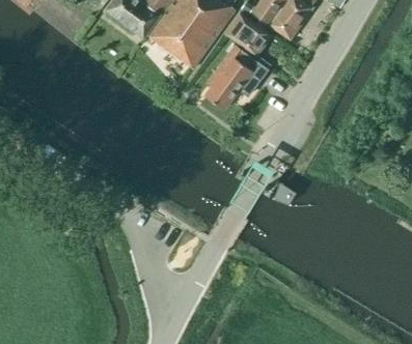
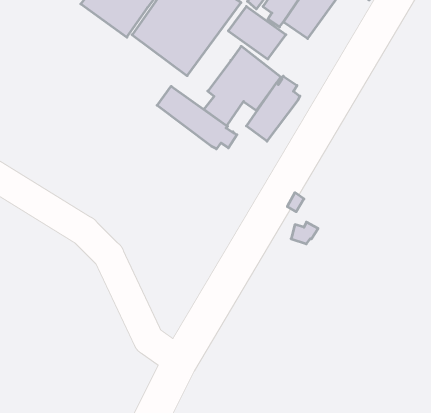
building: none -> [246,76,300,141]
building: none -> [157,86,237,149]

